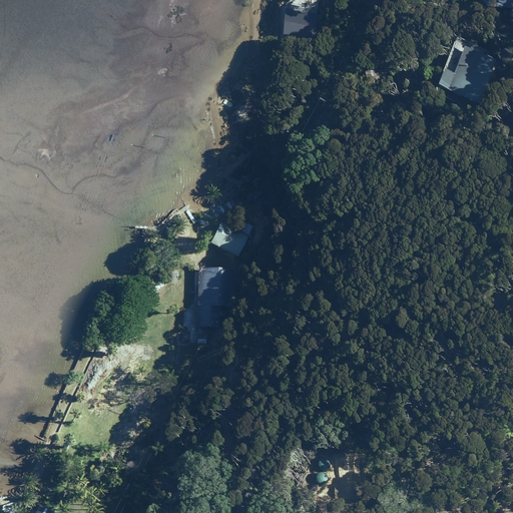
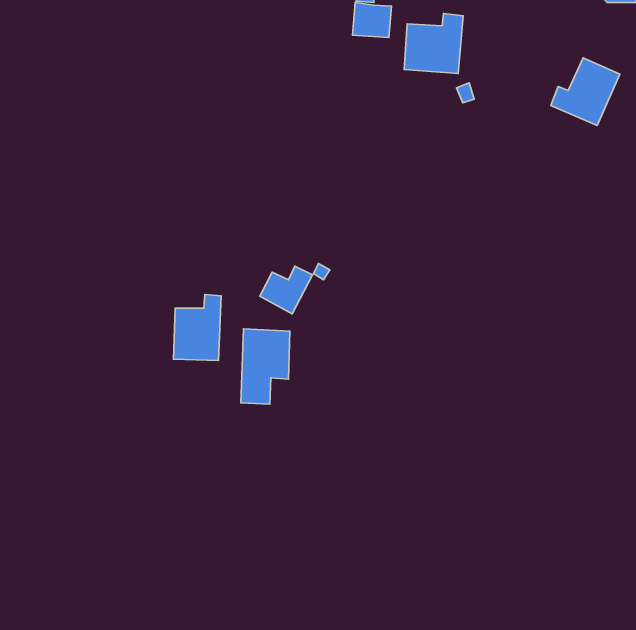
building: none -> [404,14,463,74]
building: none -> [174,294,221,361]

